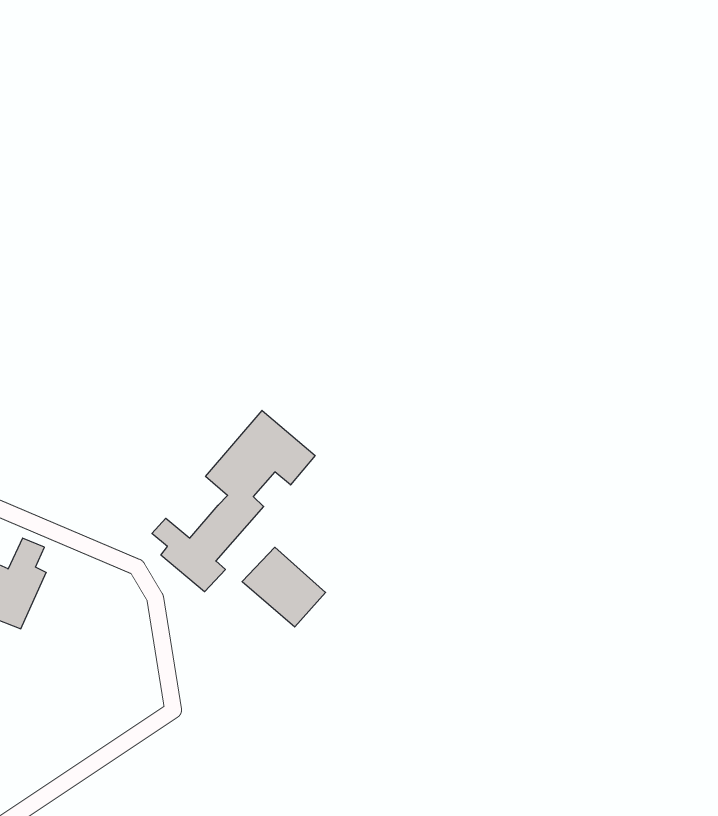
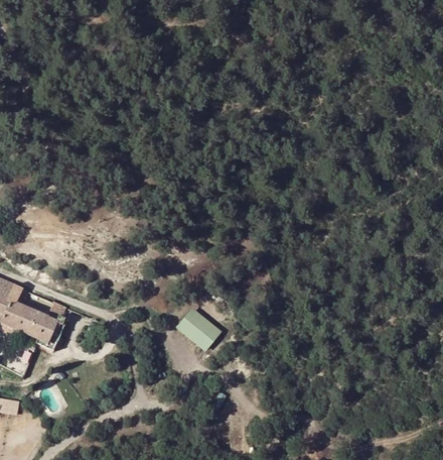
building: [152,410,315,592] -> none

